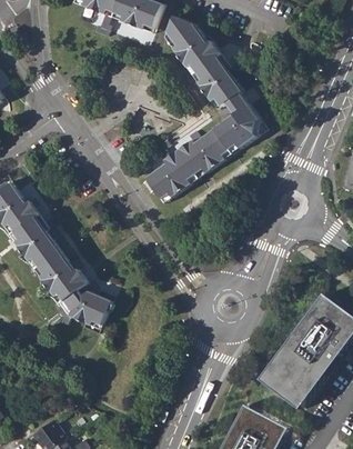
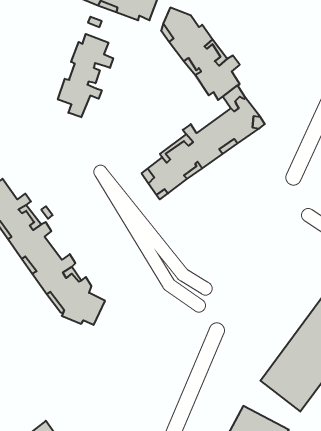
building: none -> [58,34,113,117]

